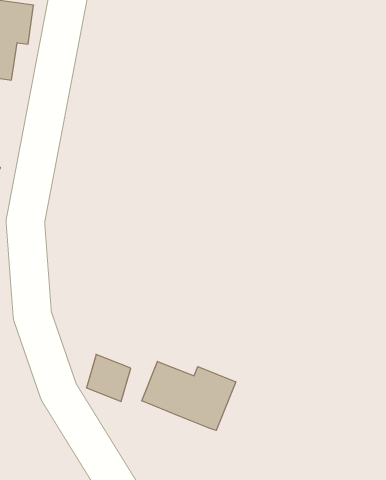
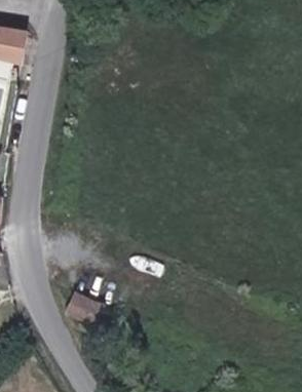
building: [142,361,236,430] -> none

